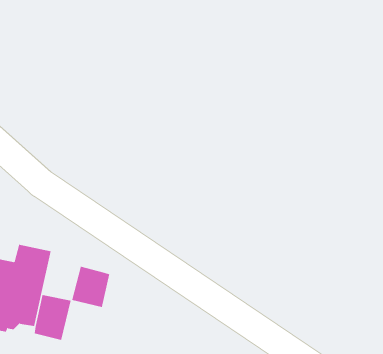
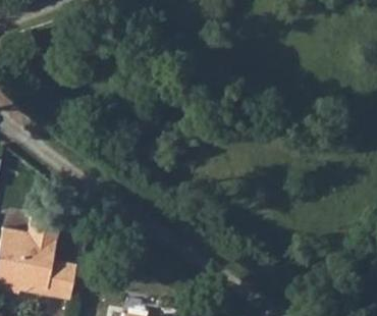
building: [71,266,110,308] -> none

